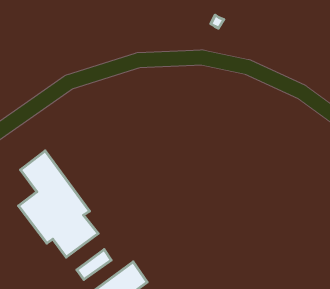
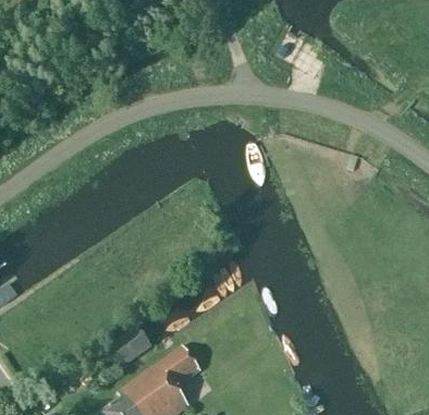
building: [19,151,98,257] -> none

